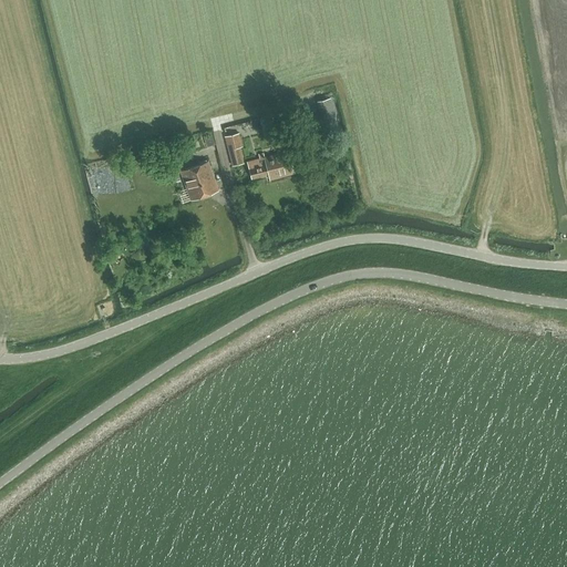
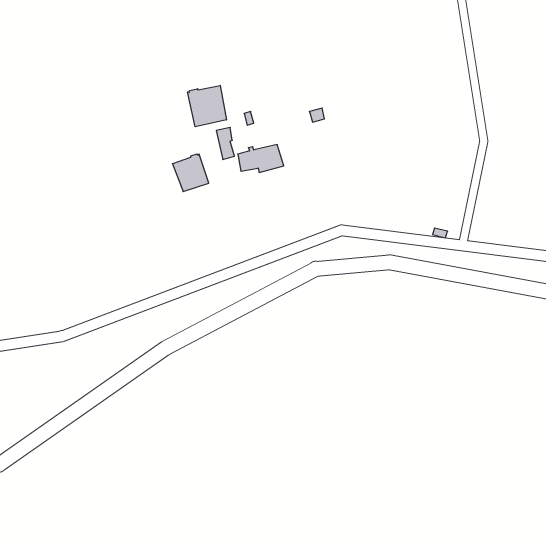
building: none -> [187,85,226,127]

